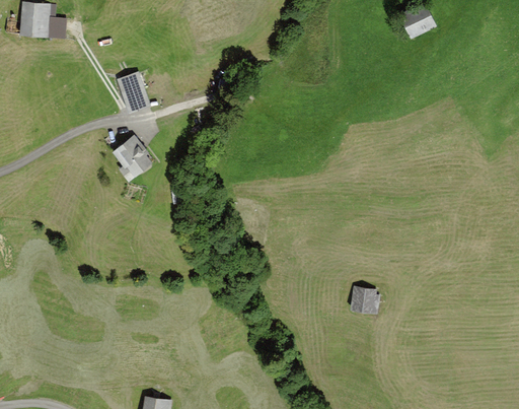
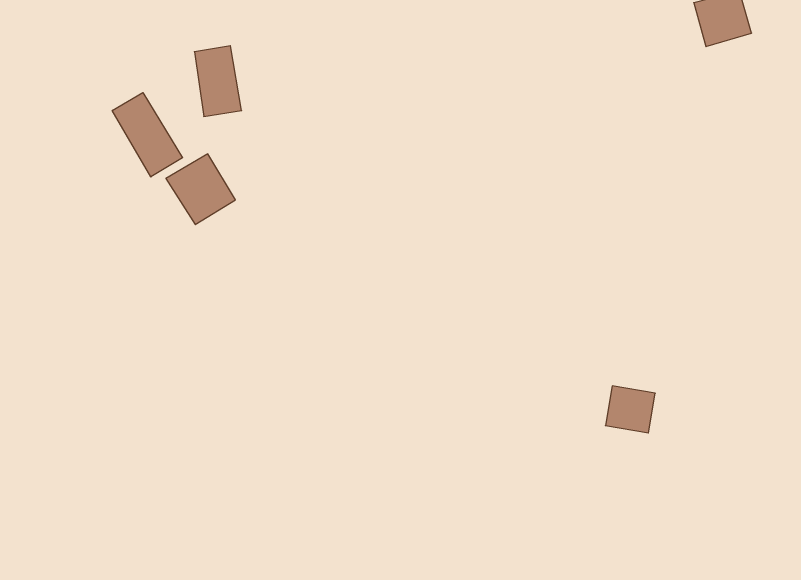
building: none -> [112,93,183,177]
building: [352,287,378,312] -> [605,386,655,433]

